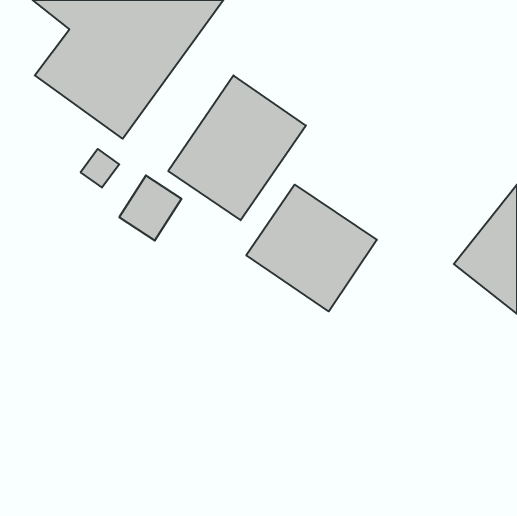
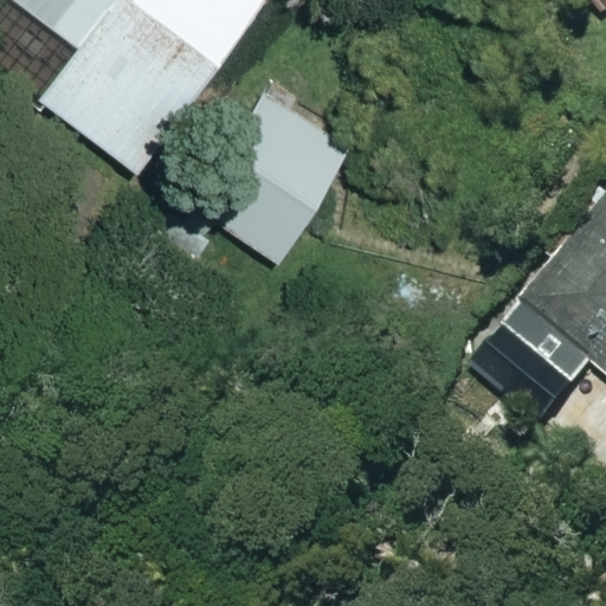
building: [246,185,377,311] -> none

